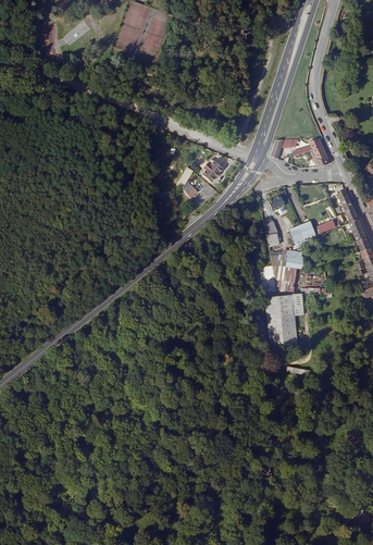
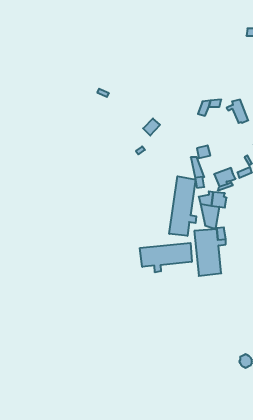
building: none -> [169,176,196,236]
building: none -> [140,243,192,272]

